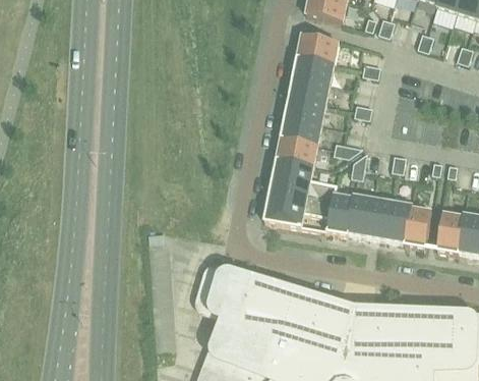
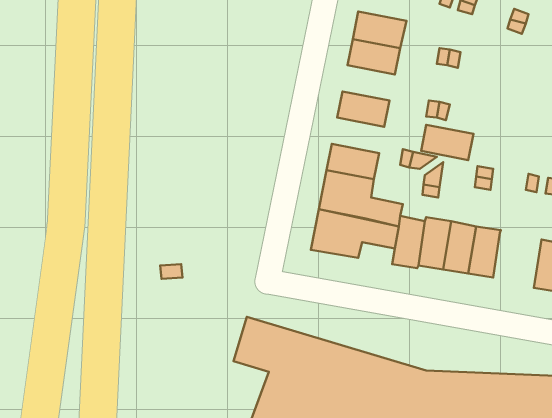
building: [289,75,330,103] -> none
building: [281,116,321,144] -> [421,125,473,160]
building: [405,206,431,247] -> none

